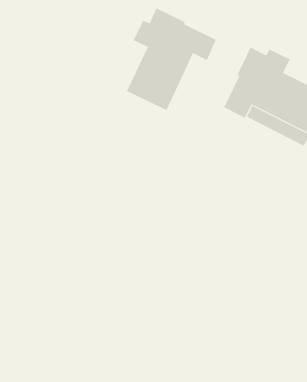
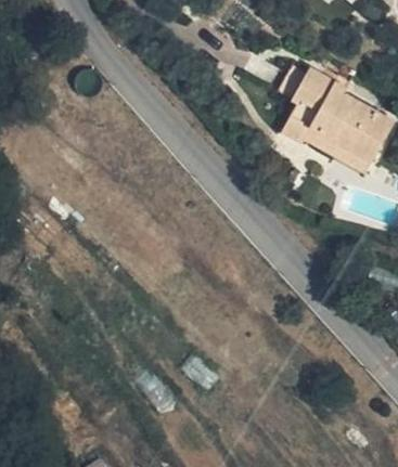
building: [126,7,217,111] -> none

